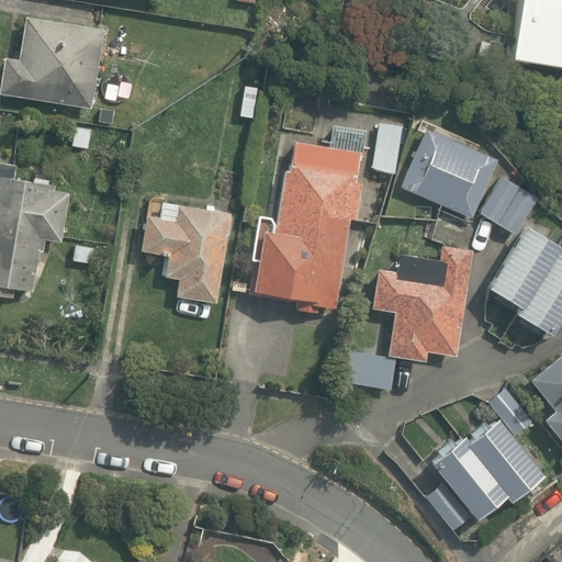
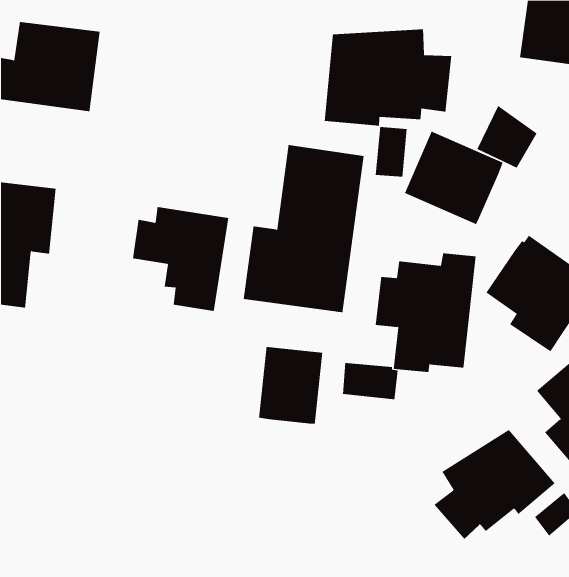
building: none -> [324,28,452,126]
building: [477,172,537,234] -> [476,105,537,168]
building: none -> [259,346,323,424]

